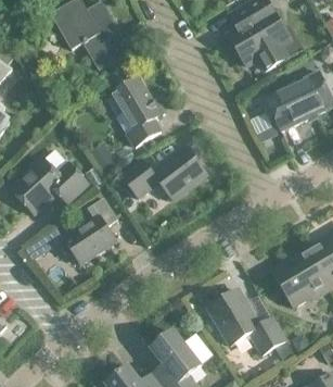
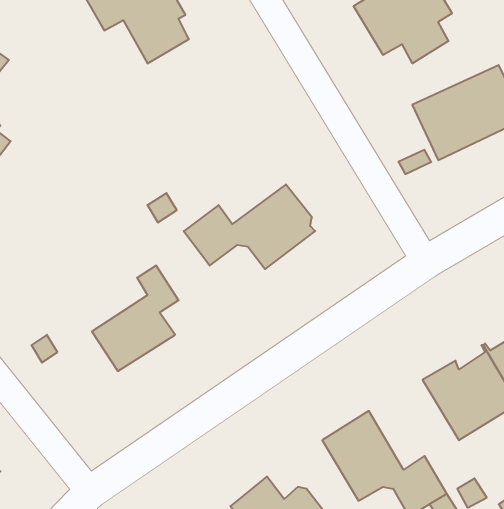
building: [111,77,164,146] -> none
building: [11,159,87,212] -> none

